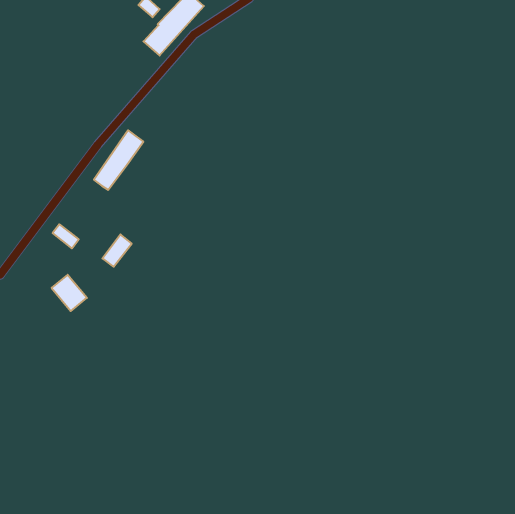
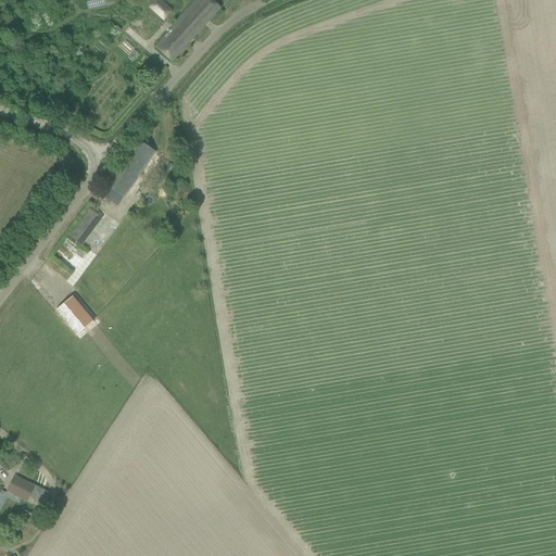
building: [102,234,132,267] -> [72,208,103,243]
building: none -> [7,473,41,501]

